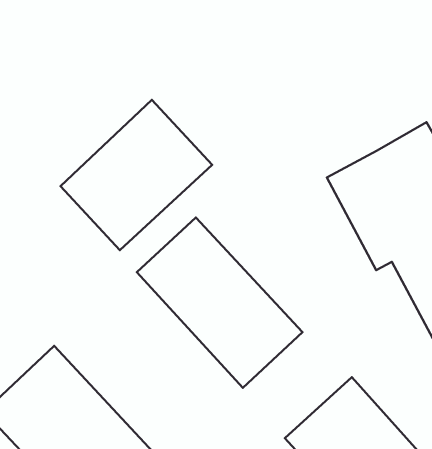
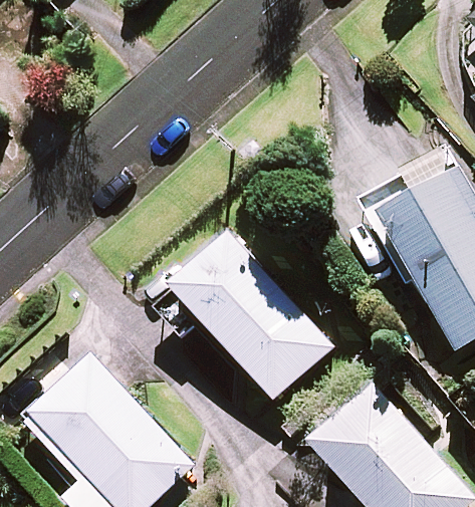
building: [60,100,212,250] -> none

